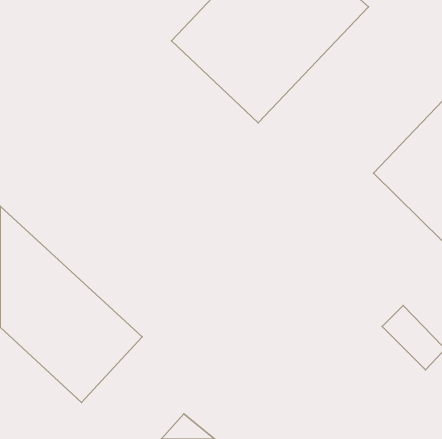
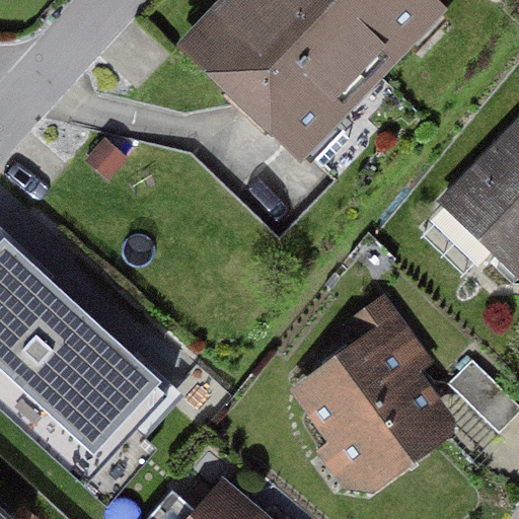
building: none -> [305,302,436,467]

